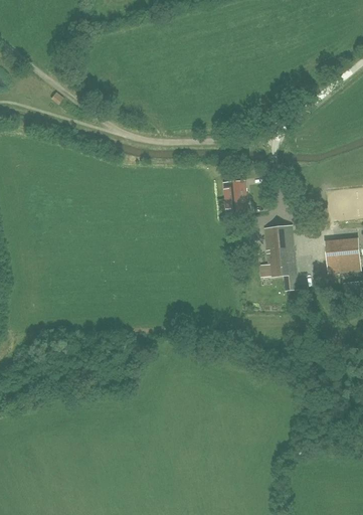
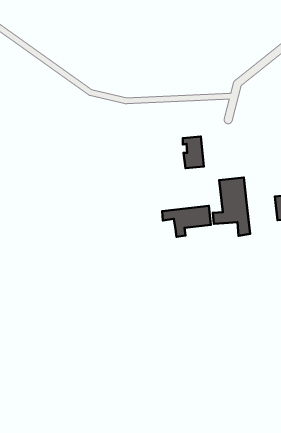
building: none -> [162,206,211,237]

